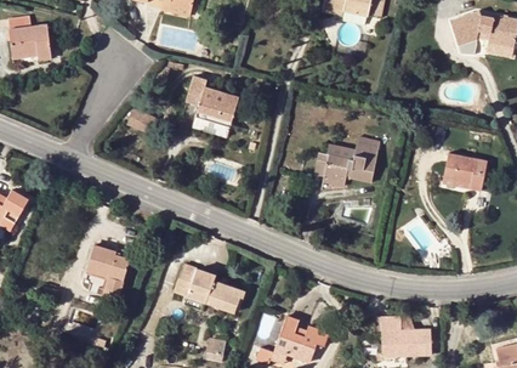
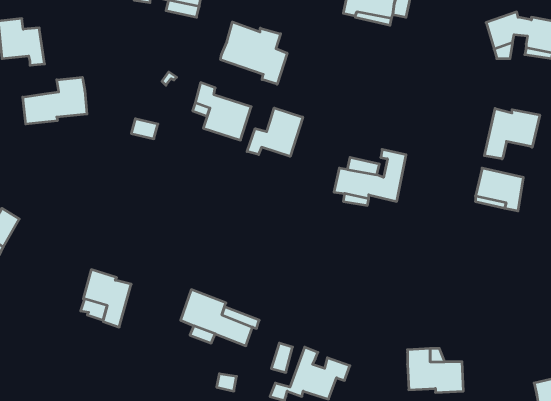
building: none -> [221,22,287,84]
building: none -> [23,77,87,124]
building: none -> [247,108,303,156]
building: none -> [484,108,540,159]

